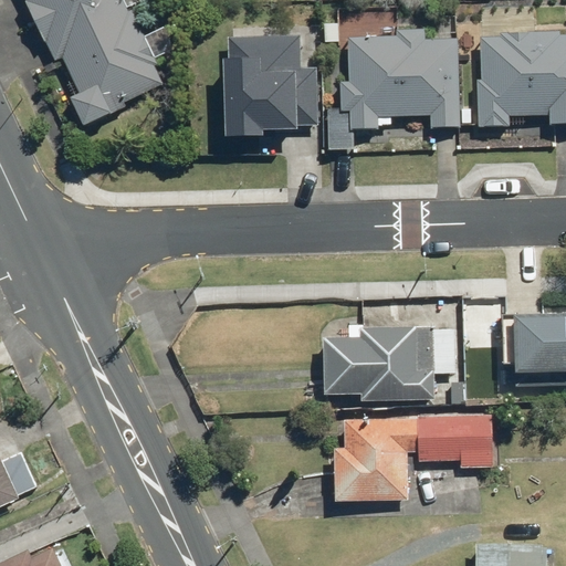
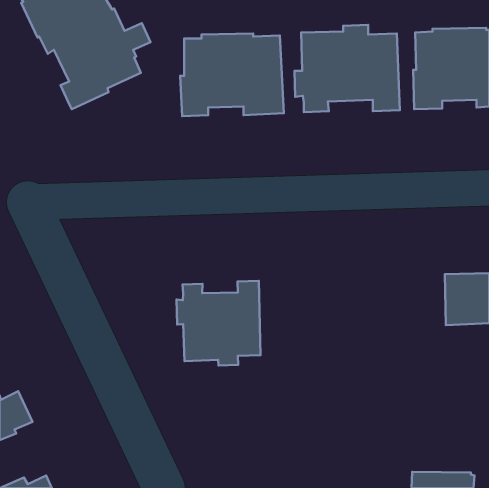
building: none -> [177,281,261,365]
building: [322,326,457,401] -> none
building: [334,413,493,502] -> none

